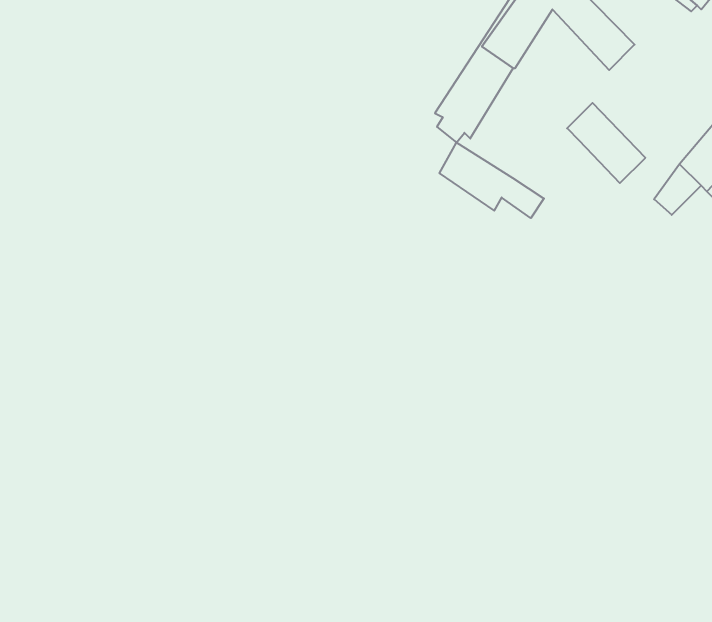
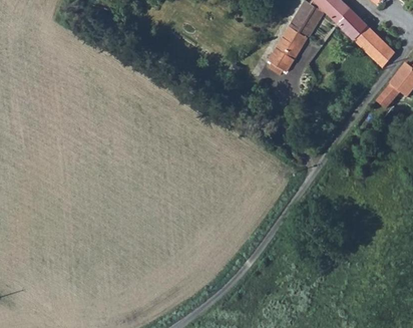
building: [567,103,645,183] -> [354,26,394,67]
building: [439,143,544,218] -> none

